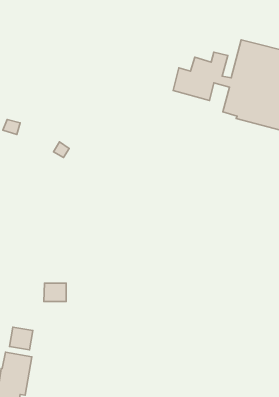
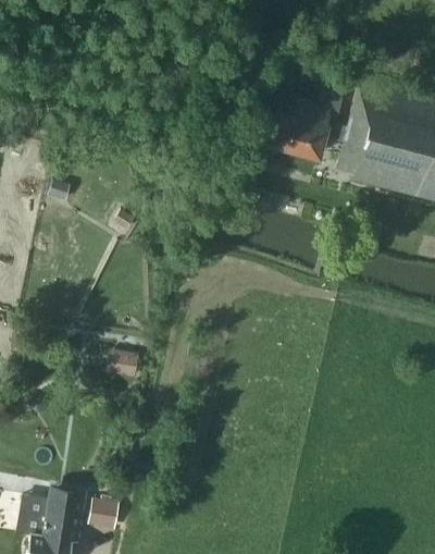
building: [44,283,66,302] -> [107,352,136,376]
building: [10,327,33,350] -> [87,501,117,530]

